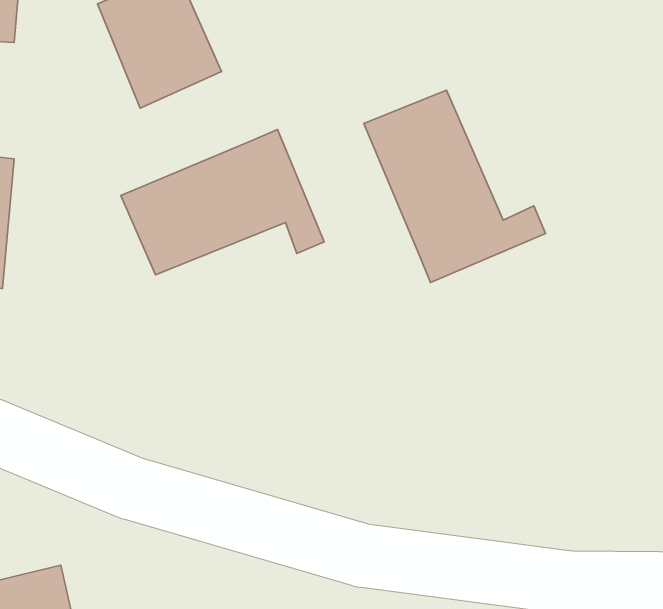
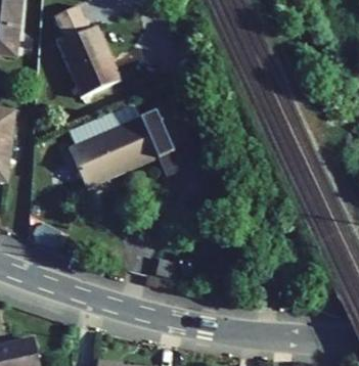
building: [364,90,545,282] -> none

